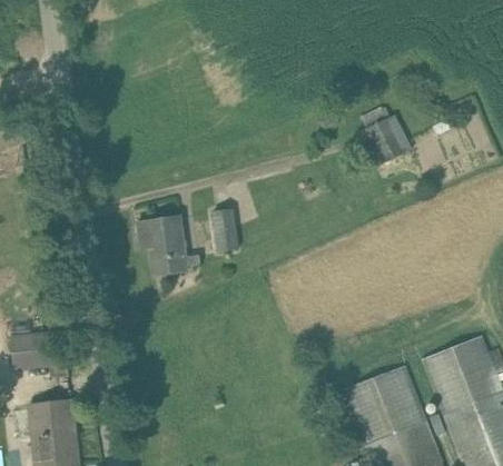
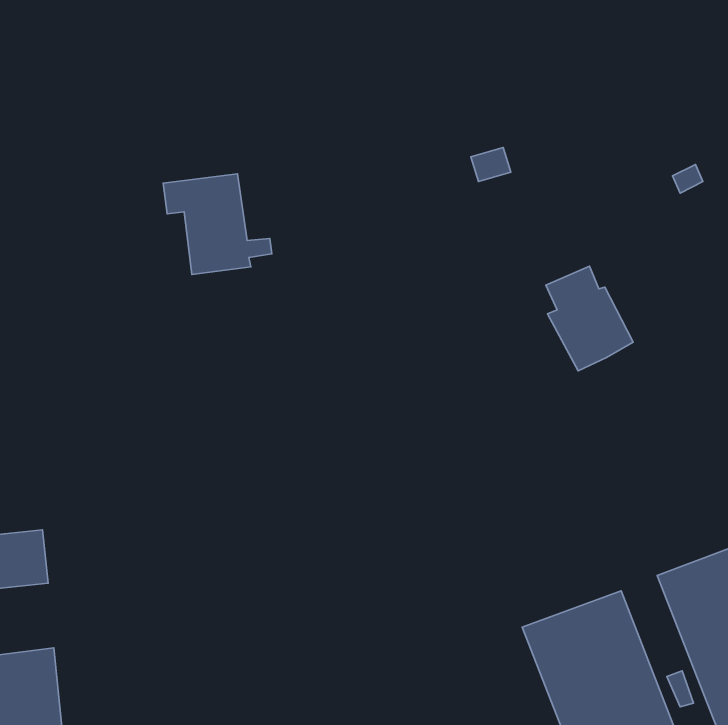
building: [359,103,411,165] -> [546,266,633,371]
building: [213,209,238,249] -> none
building: [137,217,200,276] -> [163,174,272,275]

